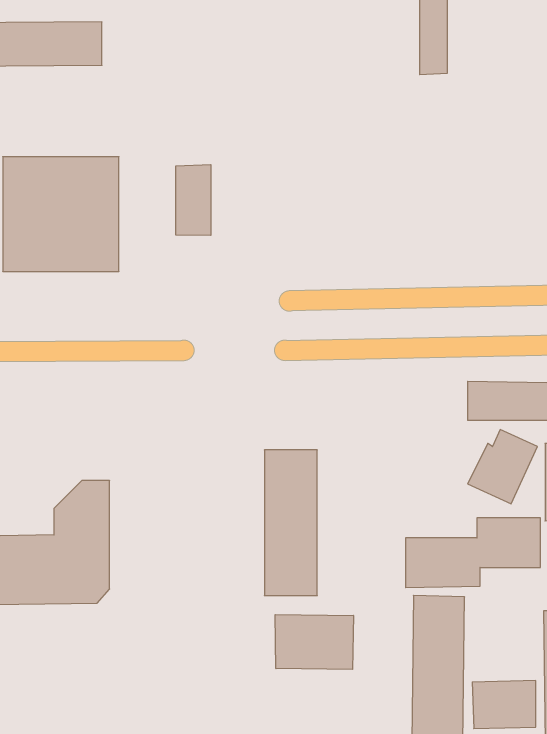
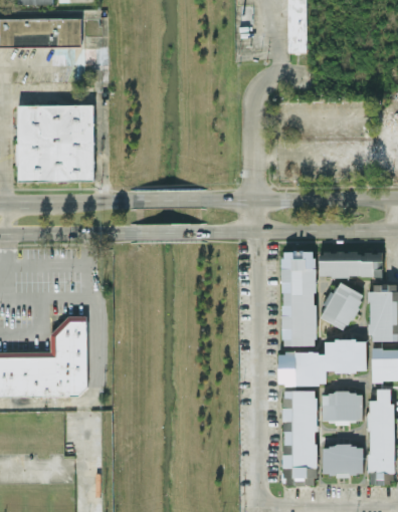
building: [176,165,211,235] -> none
building: [264,450,317,596] -> [281,252,316,346]
building: none -> [322,394,362,425]
building: [275,615,353,669] -> none

